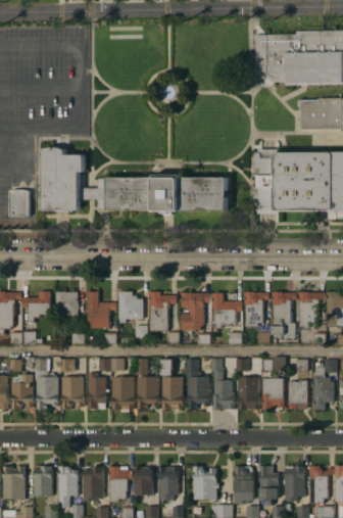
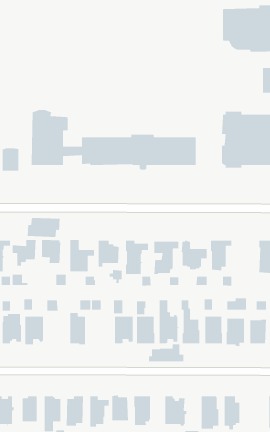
building: none -> [27,217,61,238]
building: [272,292,296,338] -> none
building: [61,377,83,410] -> none
building: [111,377,134,412] -> none
building: none -> [148,343,184,362]
building: [284,466,303,500] -> none

